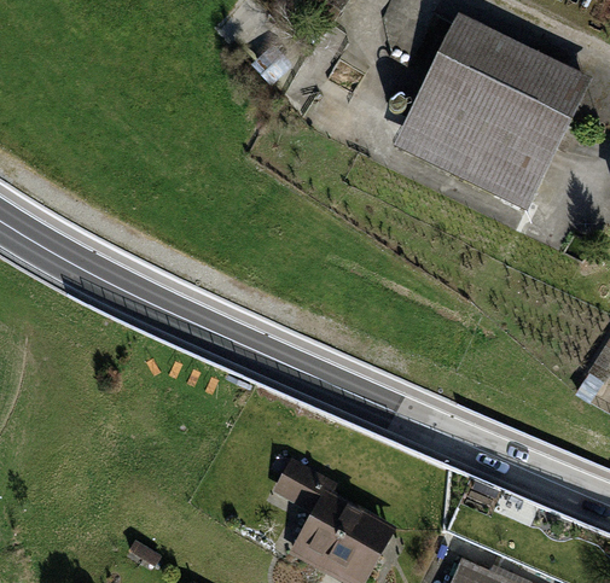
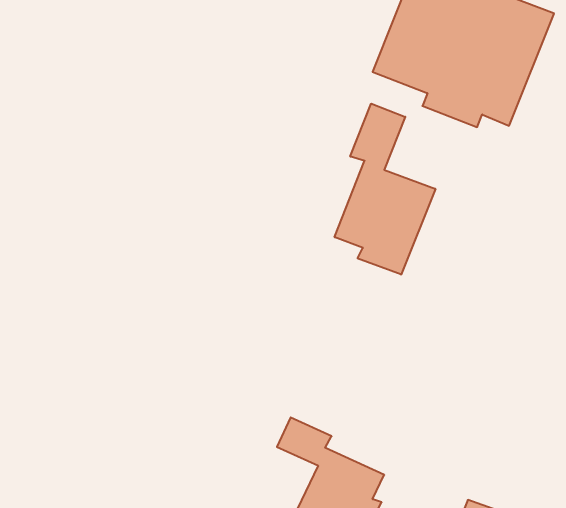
building: none -> [335,104,435,275]

